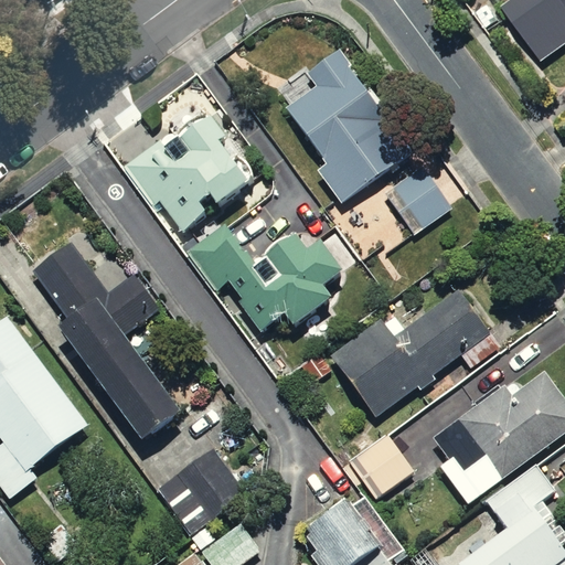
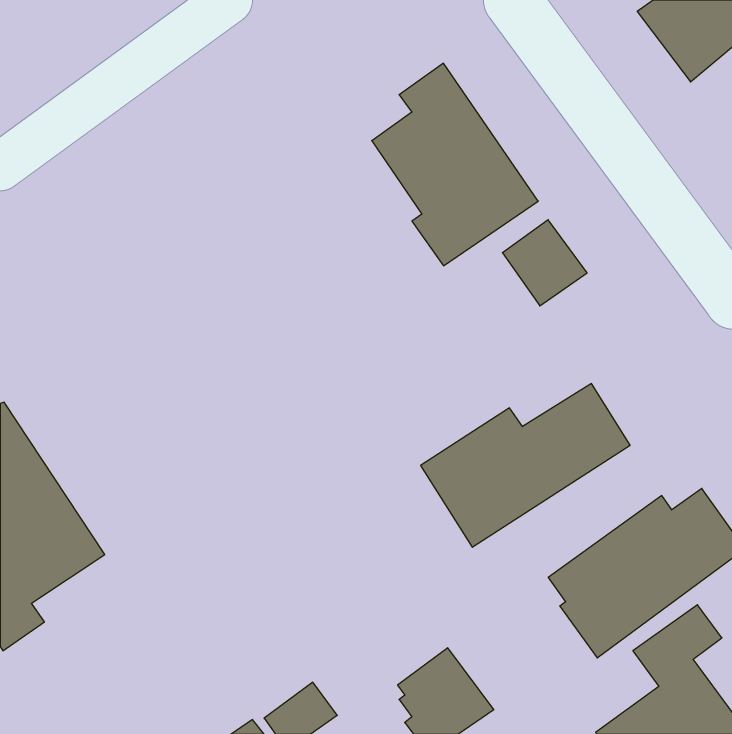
building: [122,115,248,230] -> none
building: [191,225,345,330] -> none
building: [33,241,179,437] -> none
building: [351,434,416,499] -> none
building: [159,447,247,532] -> none

